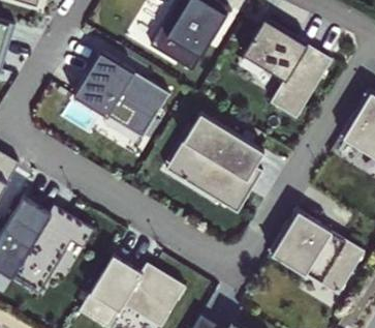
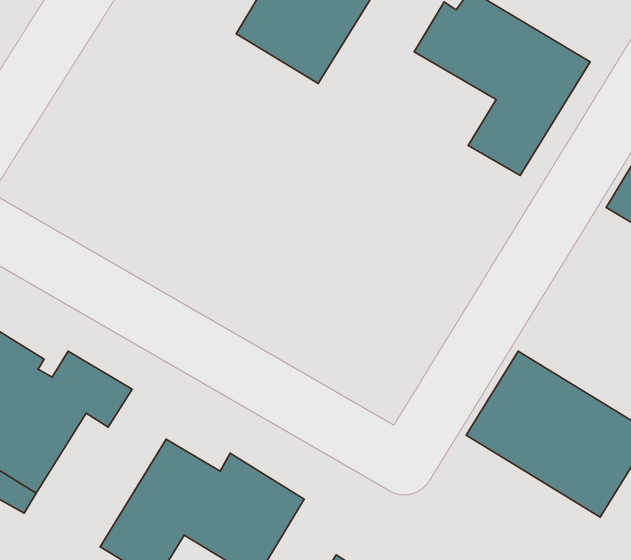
building: [73,52,169,139] -> none
building: [179,114,263,213] -> none

